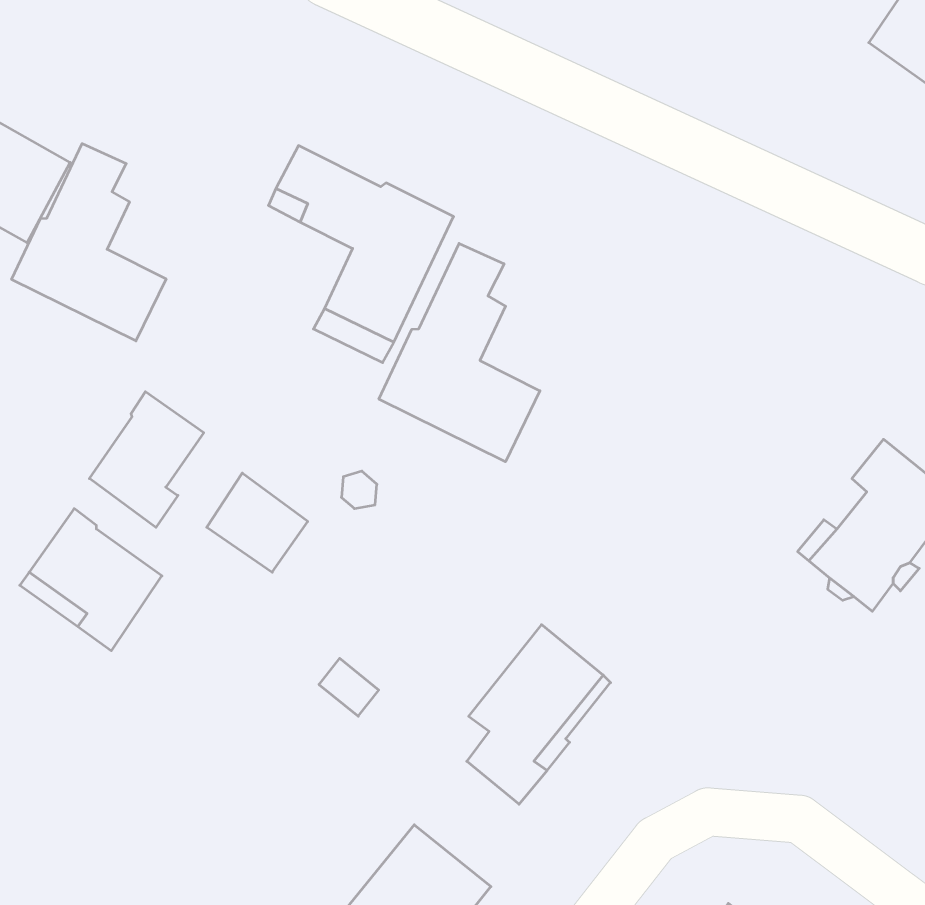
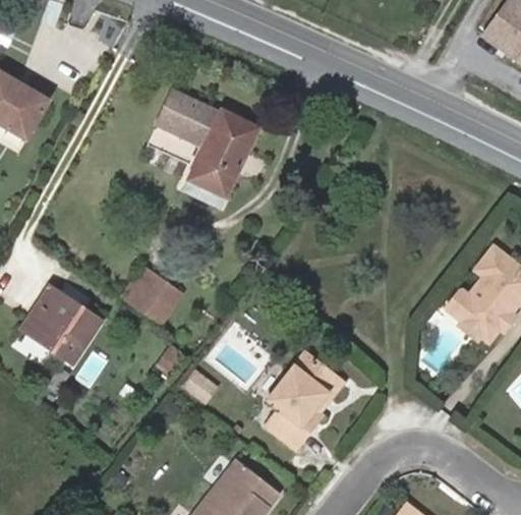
building: [12,144,166,341] -> none
building: [379,243,540,462] -> none
building: [89,392,204,527] -> none

